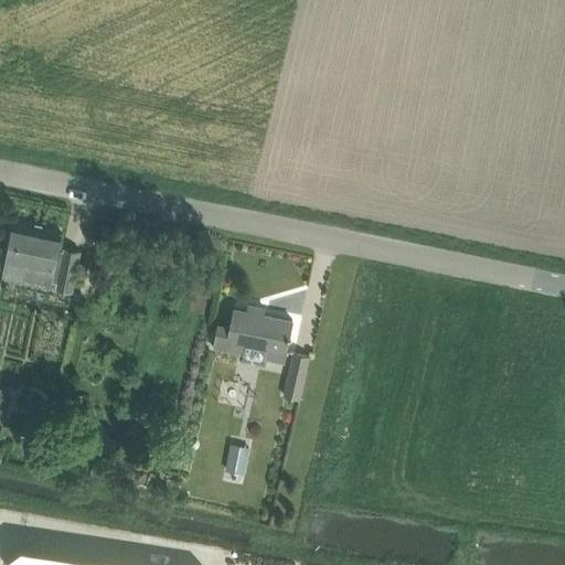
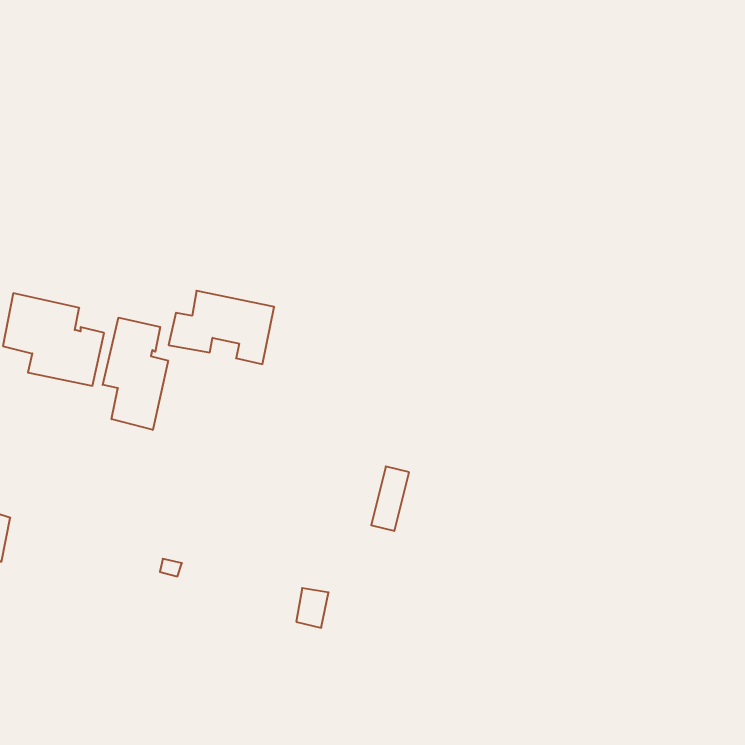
building: none -> [103,318,168,430]
building: [211,310,290,365] -> [169,291,274,364]

